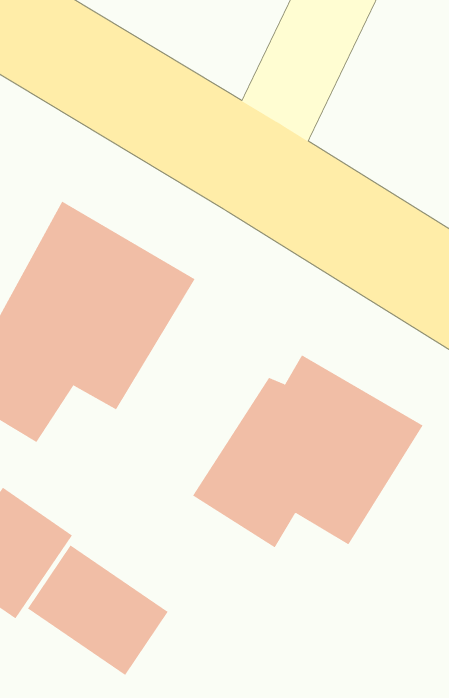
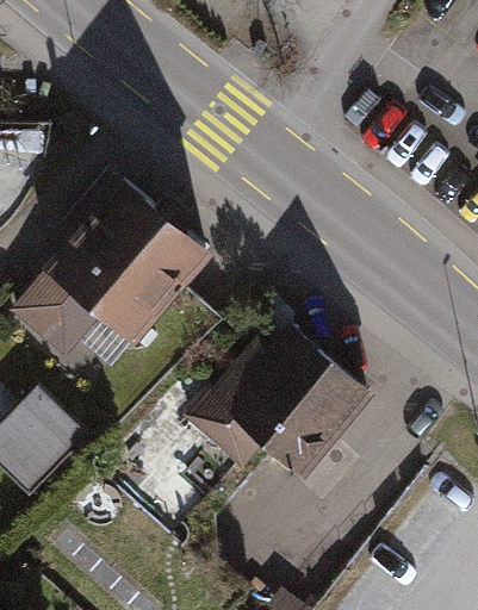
building: [27,544,169,676] -> none

